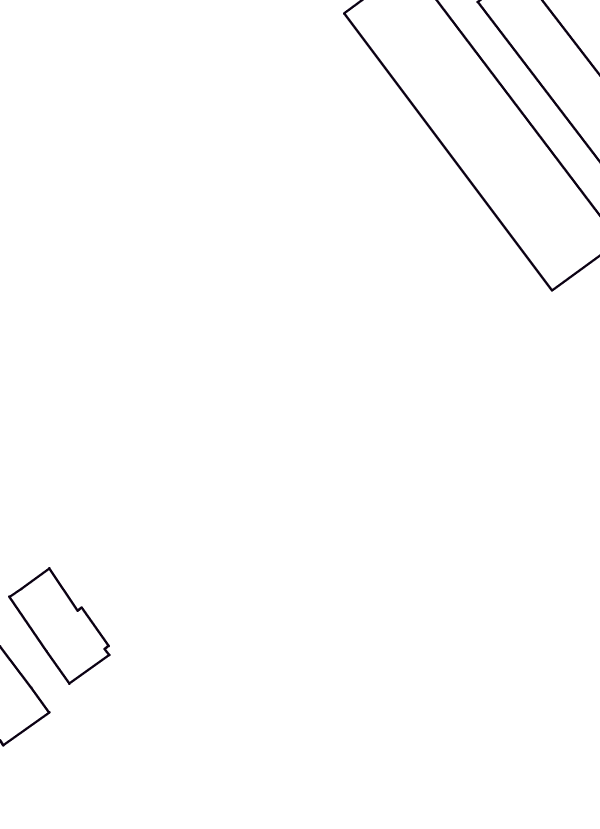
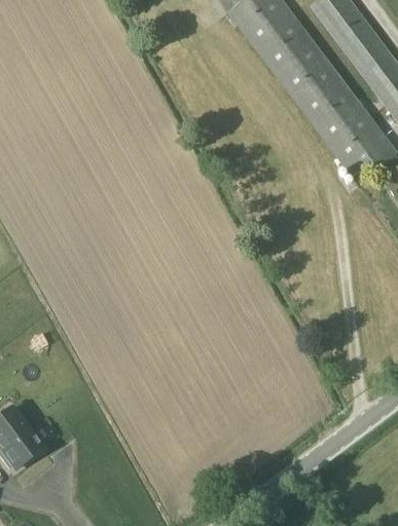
building: [9,568,109,684] -> none

